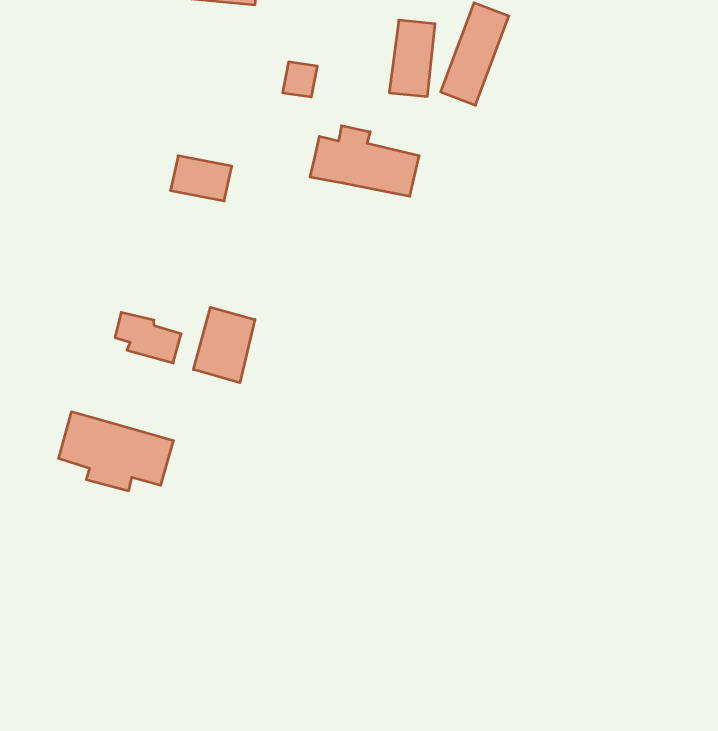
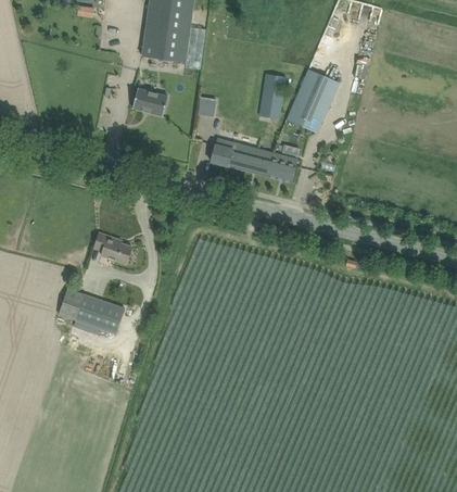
building: [170,156,232,201] -> [132,89,168,116]
building: none -> [267,153,296,182]
building: [193,307,255,383] -> none

